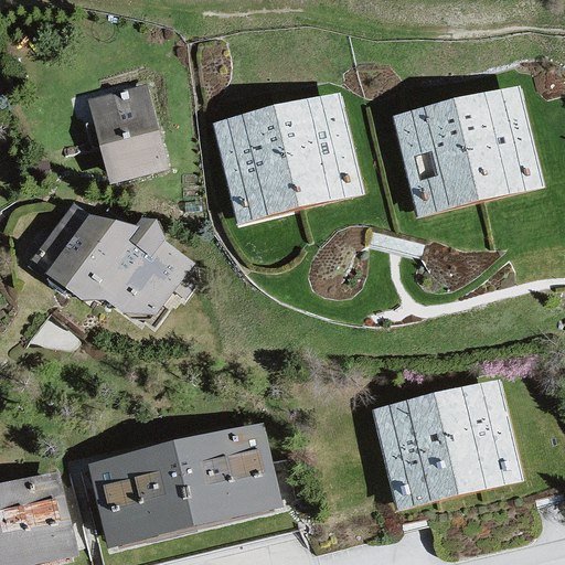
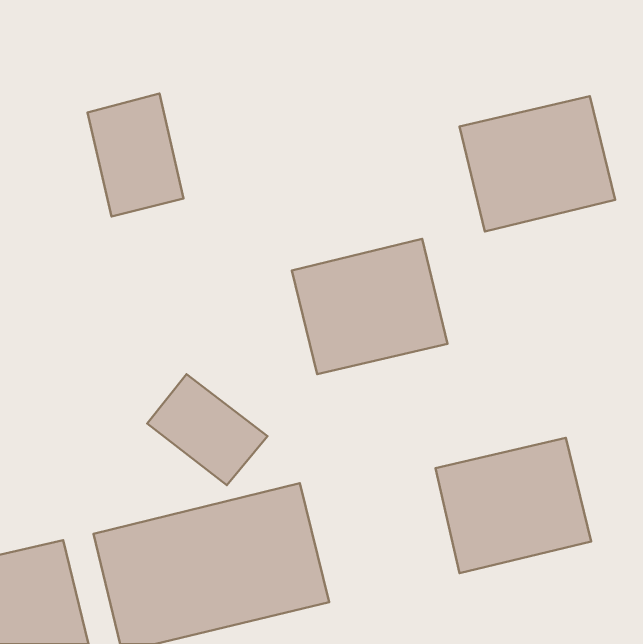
building: [221,98,356,216] -> [292,239,448,374]
building: [35,204,191,320] -> none
building: none -> [147,374,267,485]

